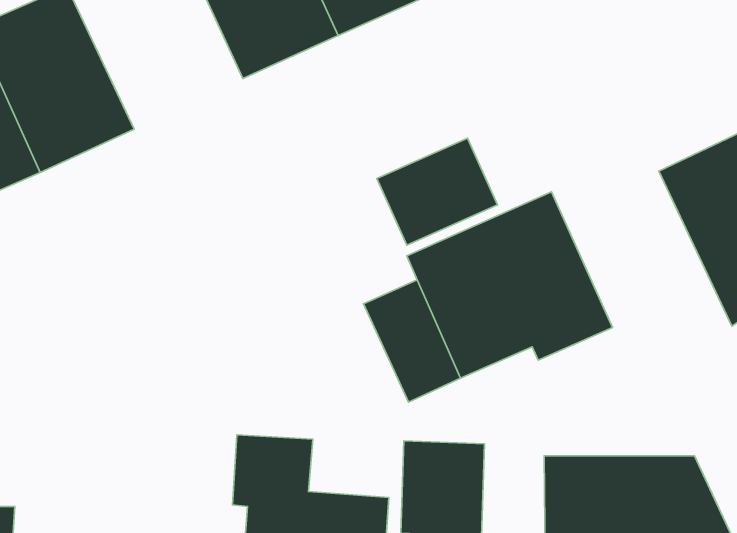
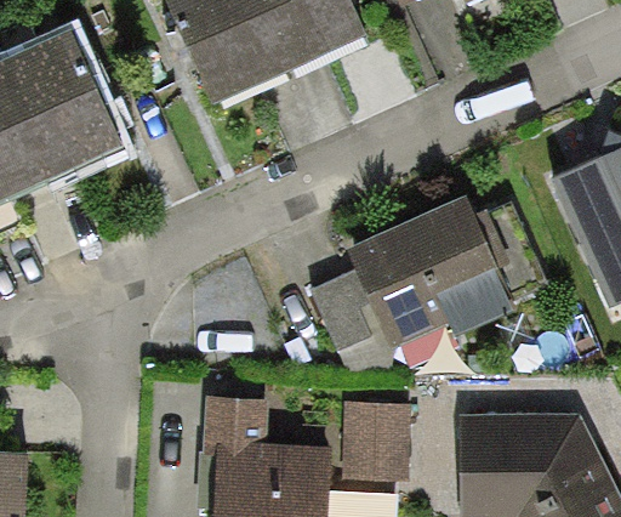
building: [377,138,498,245] -> none

